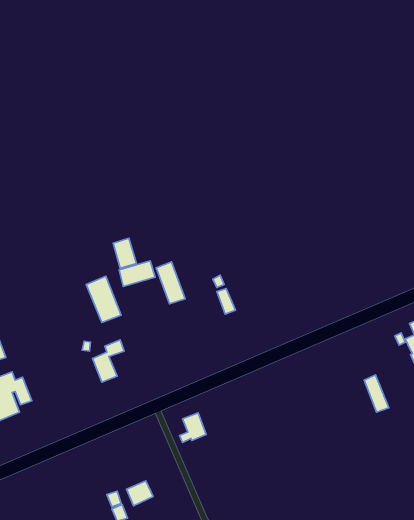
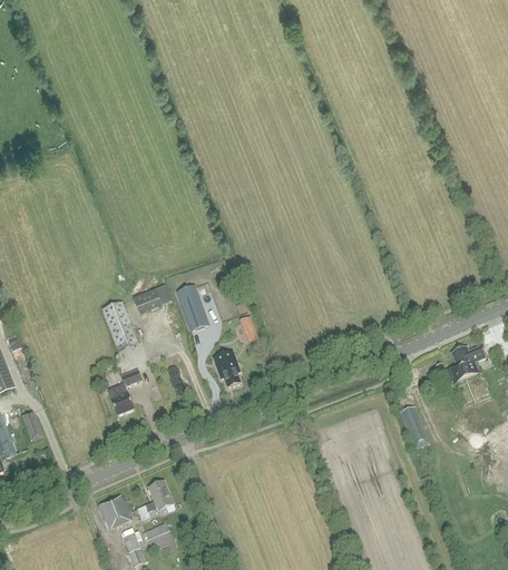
building: [113,238,136,268] -> none
building: none -> [212,350,241,387]
building: [180,413,206,443] -> [144,480,173,512]
building: none -> [97,495,133,529]

